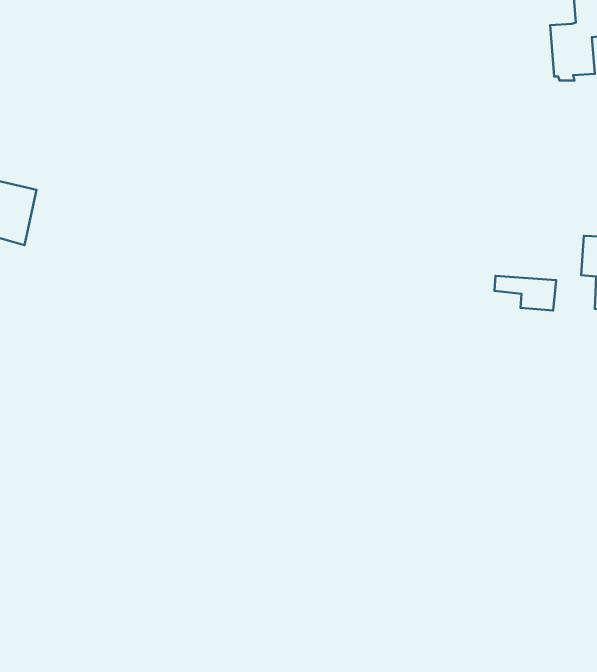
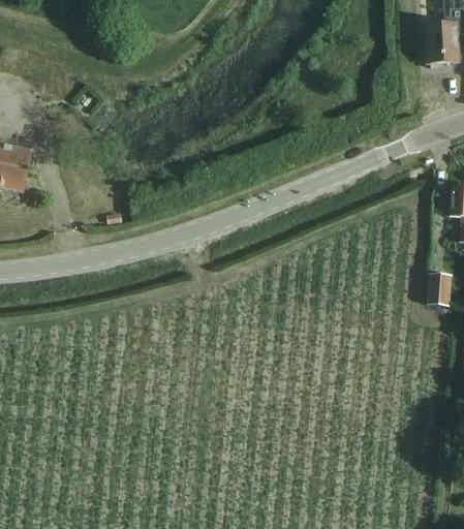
building: [494,276,556,310] -> none
building: none -> [428,274,450,304]

